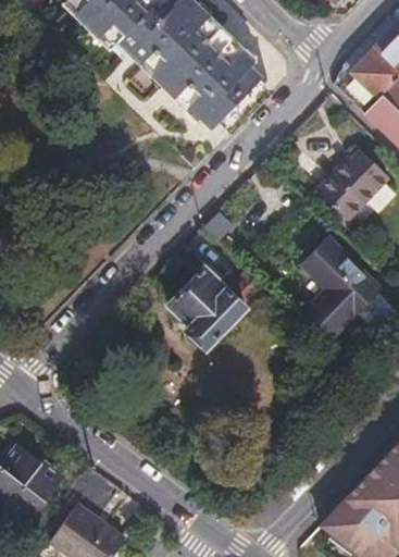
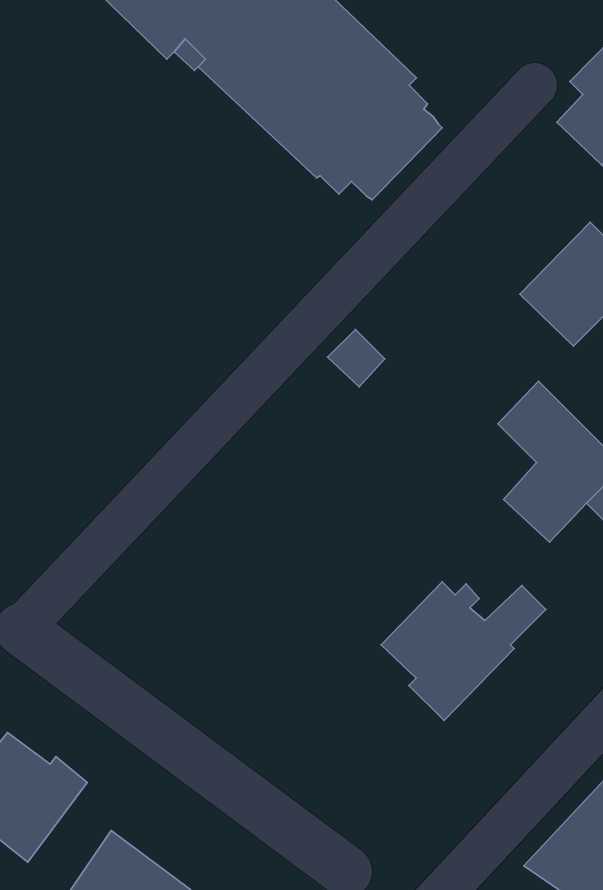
building: [167,269,264,350] -> [381,582,546,721]

